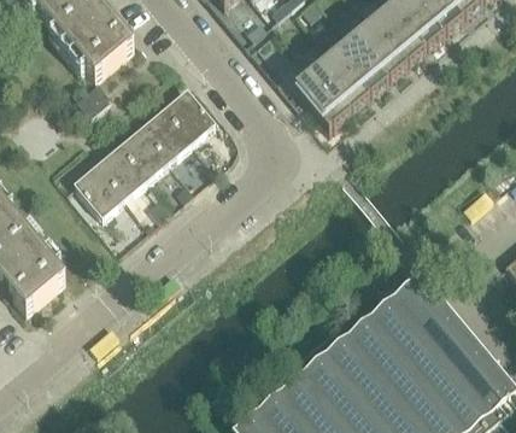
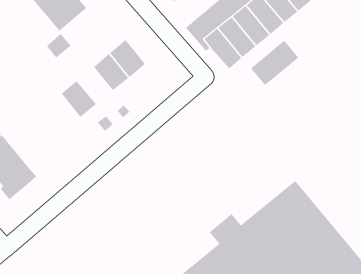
building: none -> [250,40,299,86]
building: [121,124,170,175] -> none
building: [76,160,125,213] -> none

